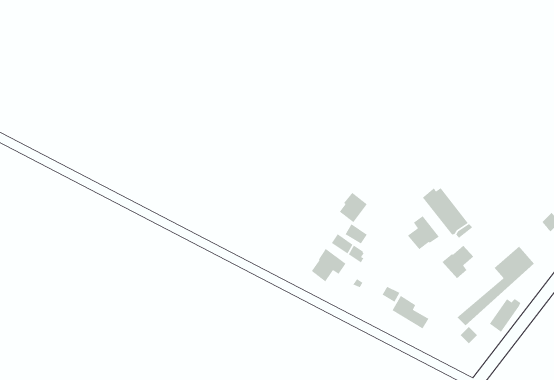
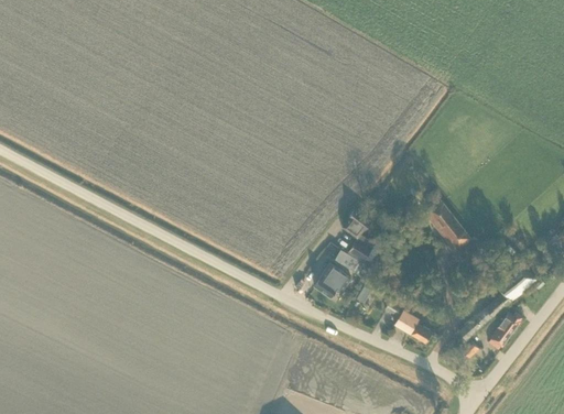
building: [407,215,440,250] -> none
building: [441,245,474,279] -> none

